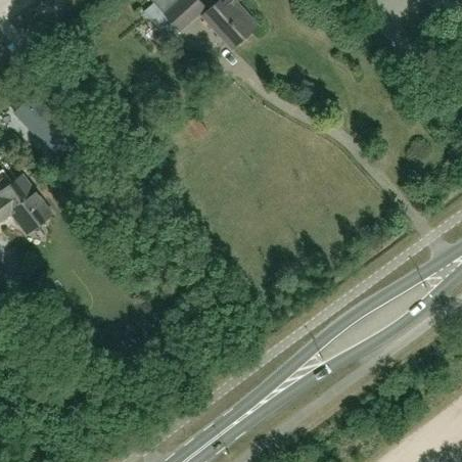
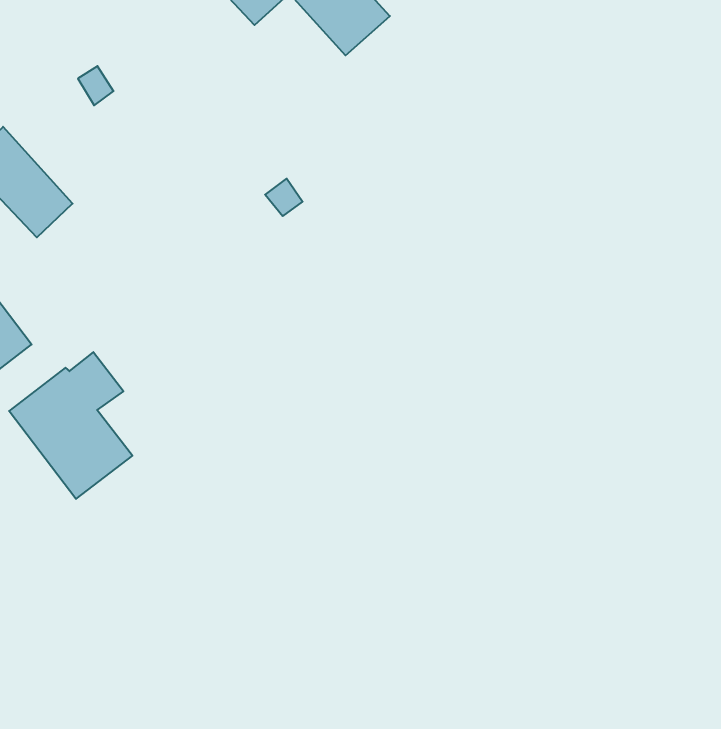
building: none -> [9,352,132,499]

